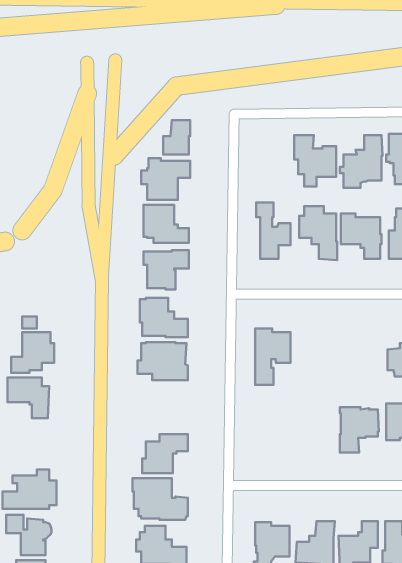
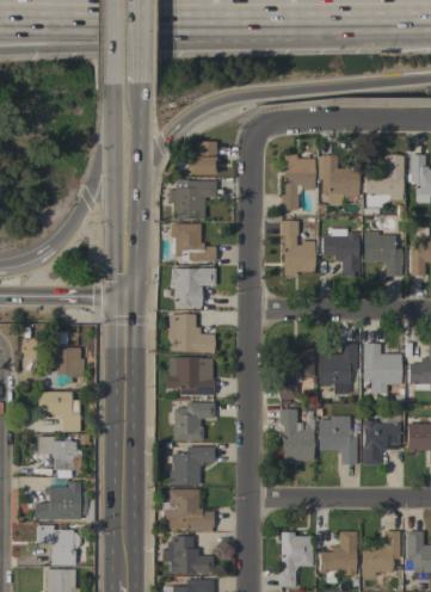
building: none -> [282,149,315,209]
building: none -> [320,343,358,391]
building: none -> [364,344,402,393]
building: none -> [174,402,215,440]
building: none -> [281,409,315,464]
building: none -> [320,415,358,464]
building: none -> [38,436,82,470]

